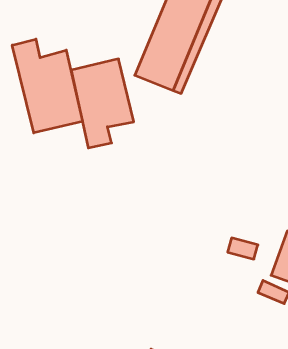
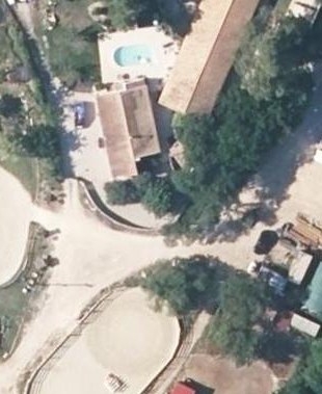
building: [12,39,82,133] -> none

